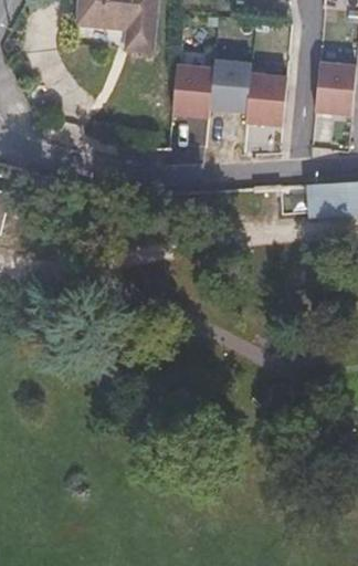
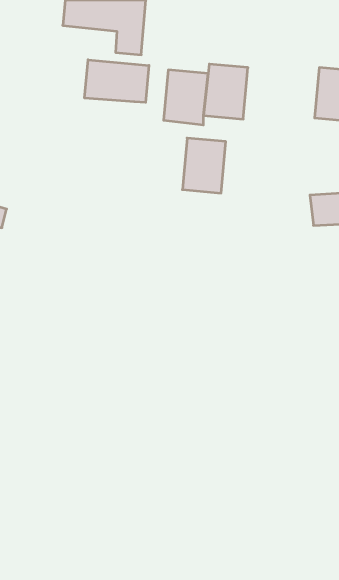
building: none -> [85,60,149,102]
building: [245,75,286,127] -> [182,138,226,193]

